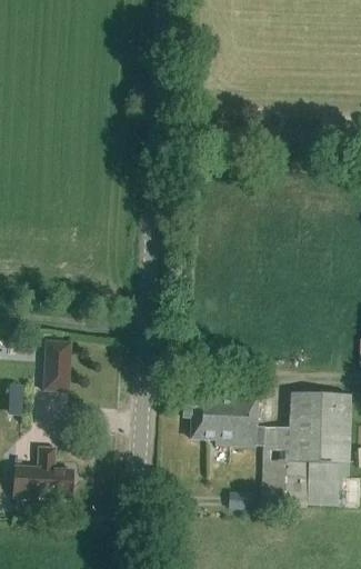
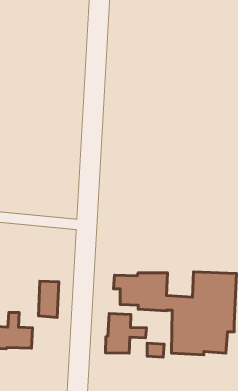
building: [43,342,71,392] -> [38,281,59,318]
building: none -> [105,313,146,353]

